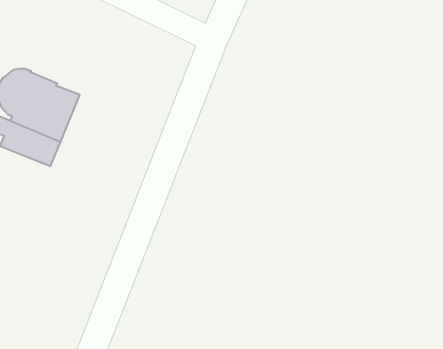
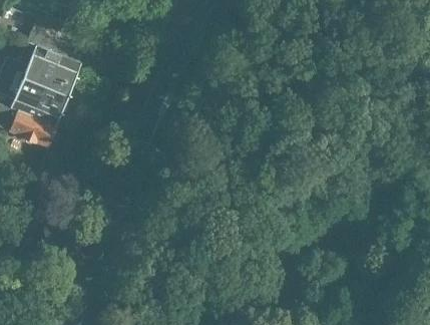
building: none -> [21,31,86,85]

